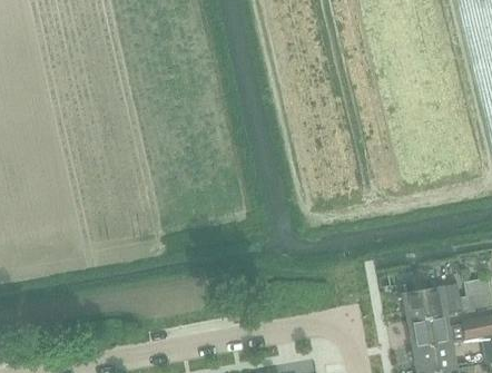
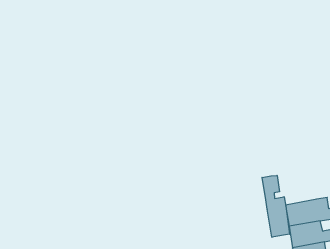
building: none -> [262,175,290,237]

